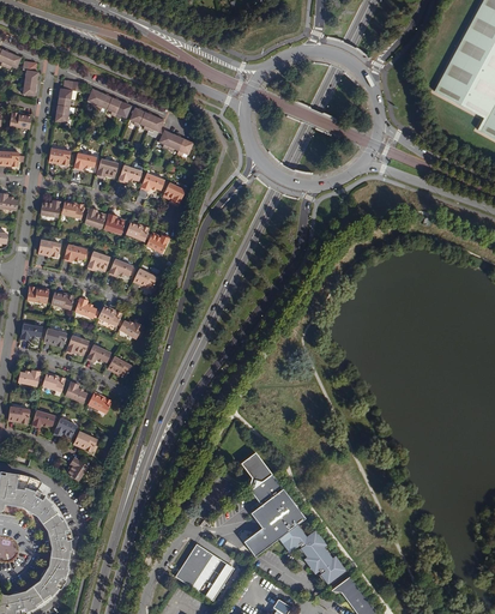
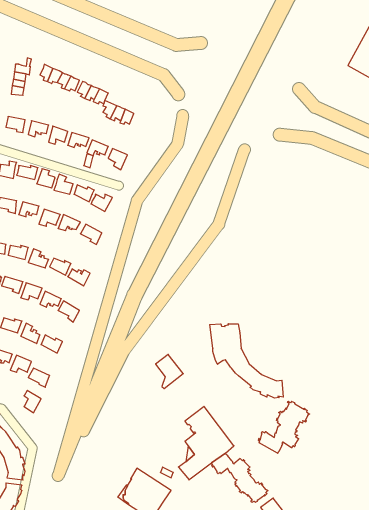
building: none -> [210,324,283,398]
building: [241,452,272,490] -> [156,354,183,389]
building: none -> [259,401,310,453]

